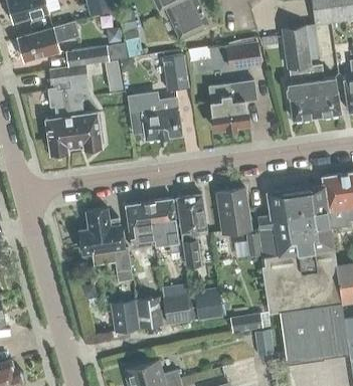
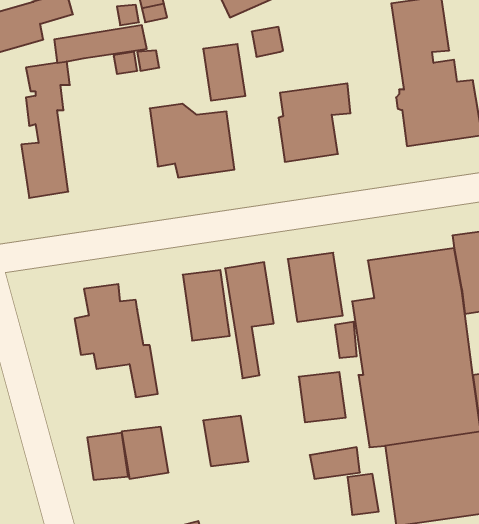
building: [225,42,261,70] -> none
building: [68,64,102,150] -> none
building: [126,203,155,247] -> none
building: [193,288,223,321] -> [299,372,346,422]
building: [137,298,163,328] -> [87,433,128,480]

